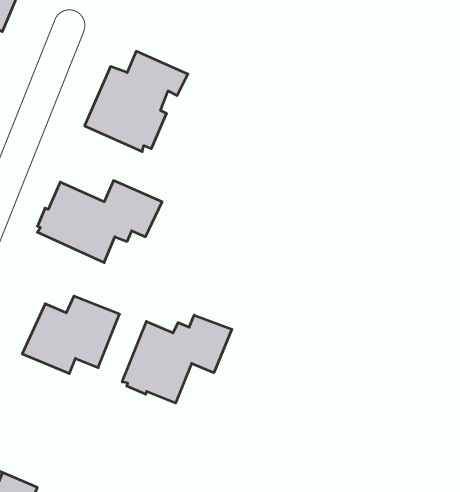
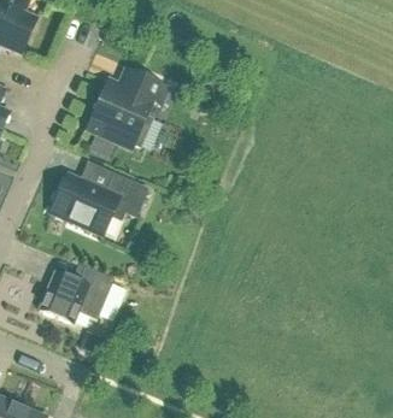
building: [122,315,232,403] -> none

